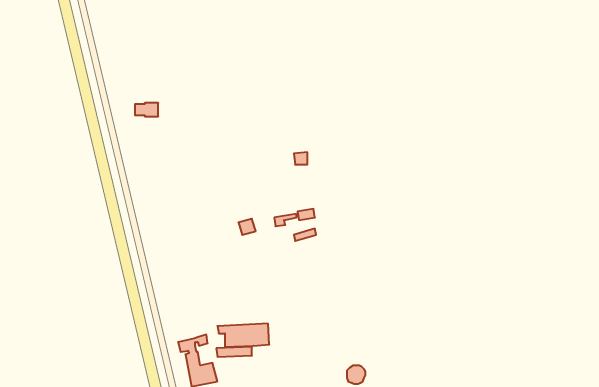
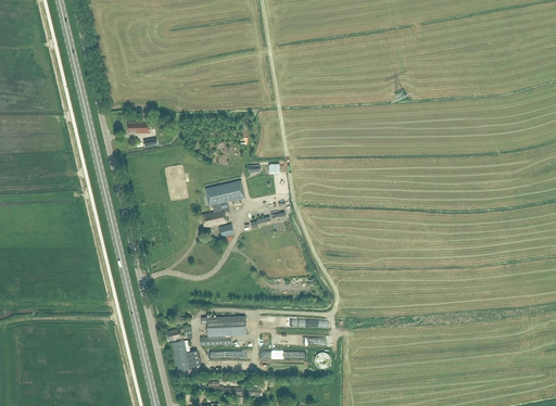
building: none -> [202,181,244,228]

